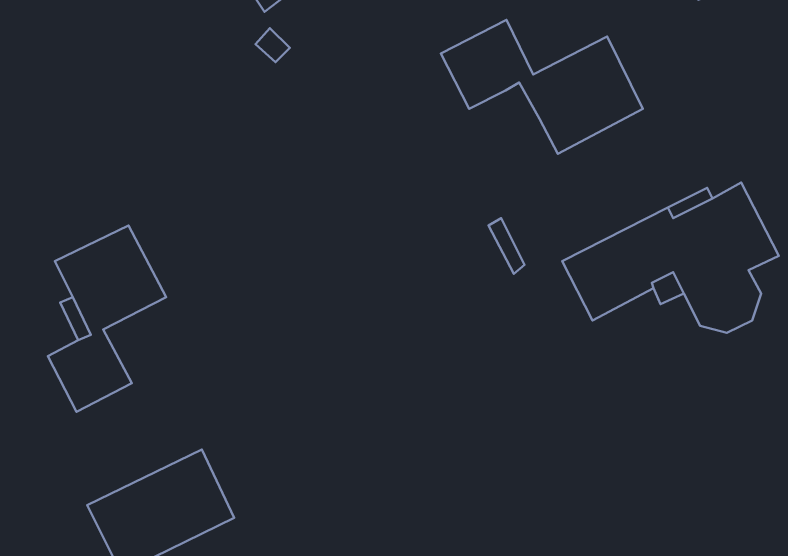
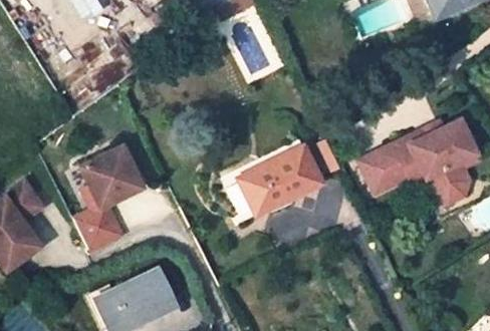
building: [441,20,643,154] -> none
building: none -> [227,147,323,222]

